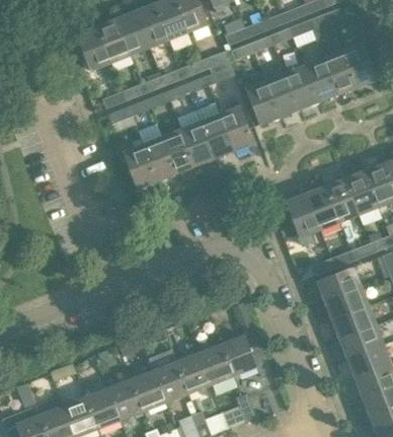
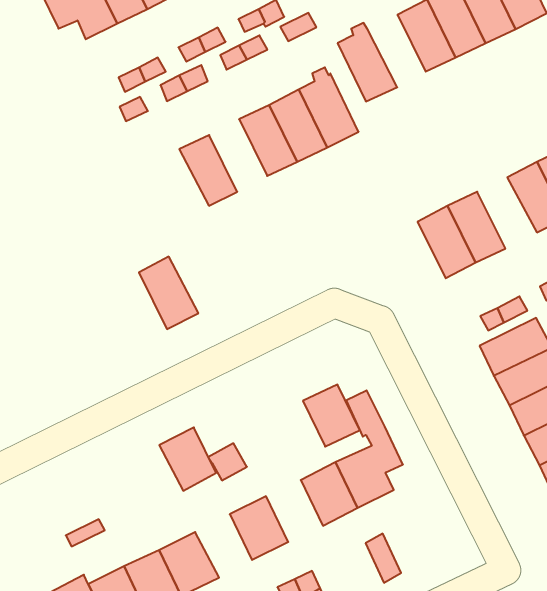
building: [265,72,299,117] -> none
building: [162,128,195,172] -> none
building: [124,143,158,188] -> [139,257,198,329]
building: [324,178,359,222] -> none
building: [177,354,211,391] -> [303,385,360,447]
building: [132,371,165,410] -> [159,427,216,491]

